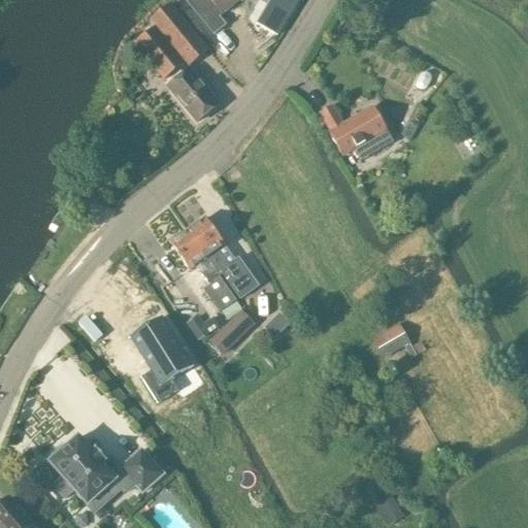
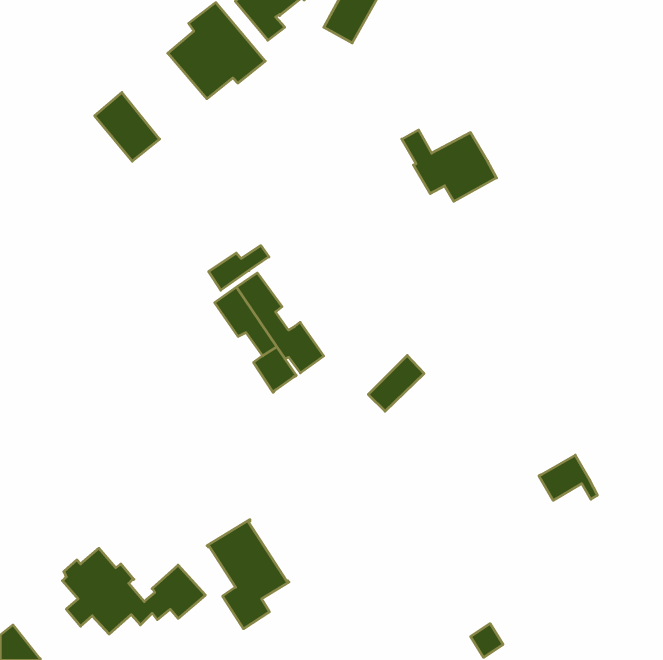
building: [168,66,220,121] -> [95,92,160,161]
building: none -> [209,246,269,290]
building: [210,309,255,354] -> [368,355,424,411]
building: [130,316,195,402] -> [207,520,289,629]
building: [371,322,418,358] -> [539,455,597,500]

